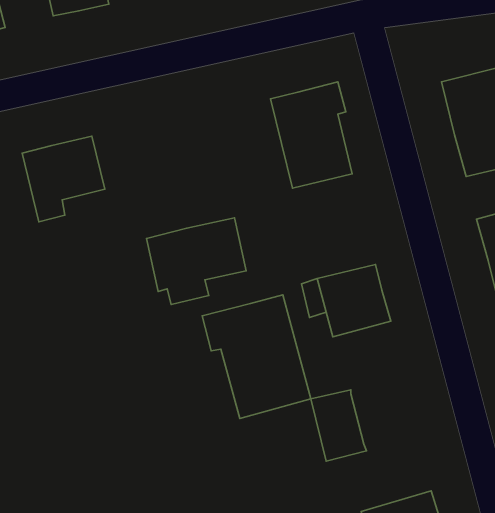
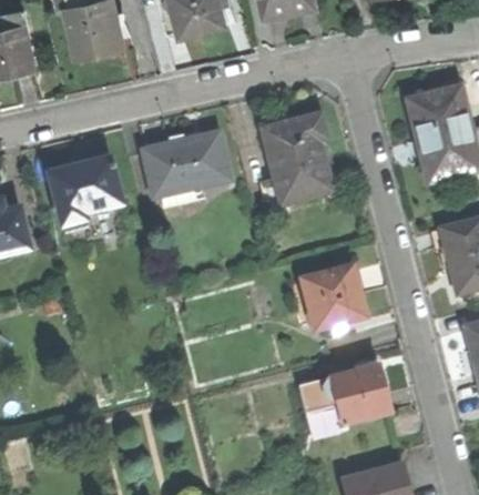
building: [147,218,246,304] -> [143,132,228,206]
building: [202,295,311,418] -> none
building: none -> [332,366,390,422]

